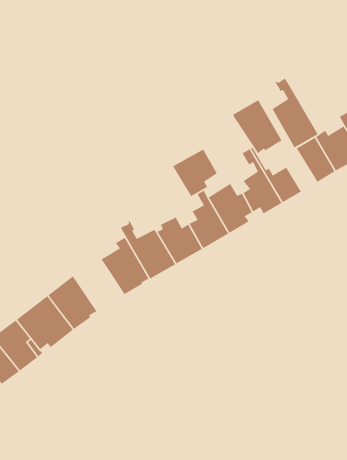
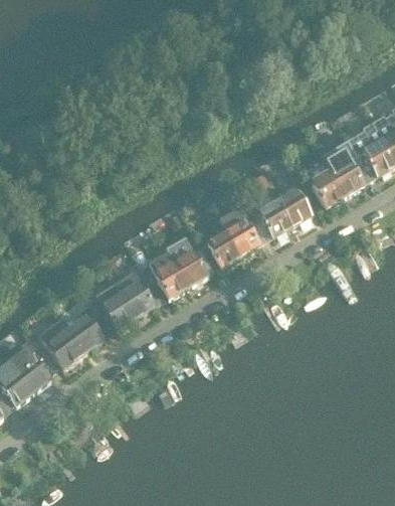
building: [272,77,319,149] -> none
building: [232,99,282,154] -> none
building: [172,149,218,197] -> none
building: none -> [87,282,136,333]

